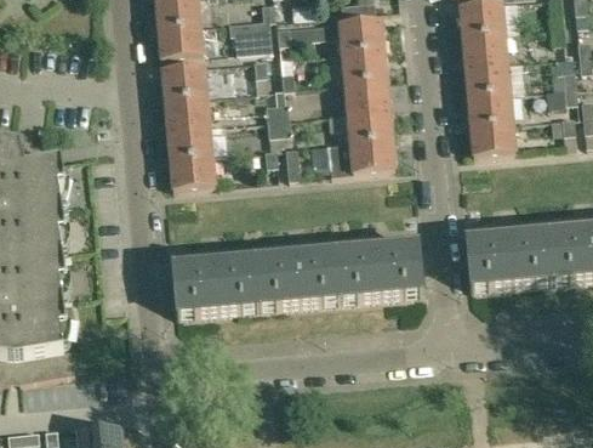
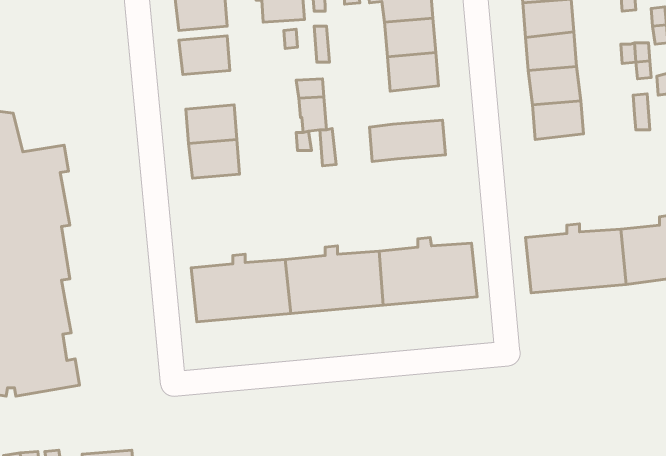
building: [164,91,209,125] -> none
building: [346,104,392,138] -> none

